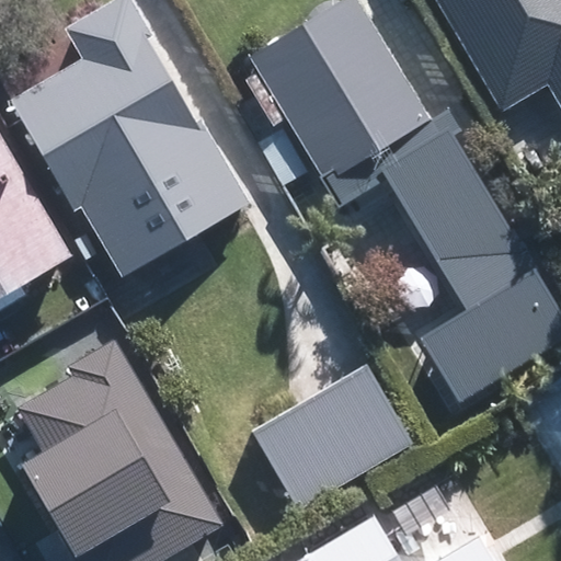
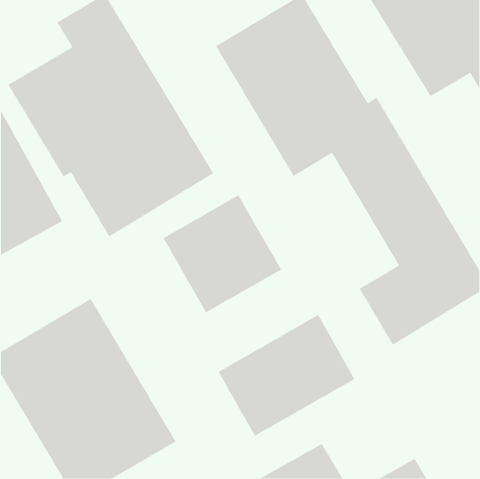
building: none -> [163,194,282,313]

